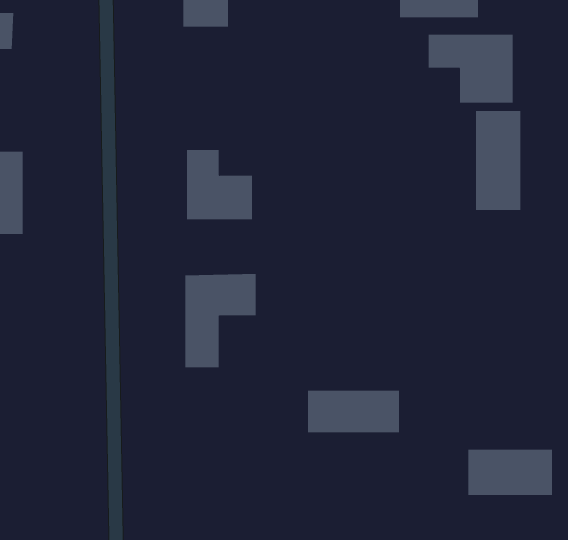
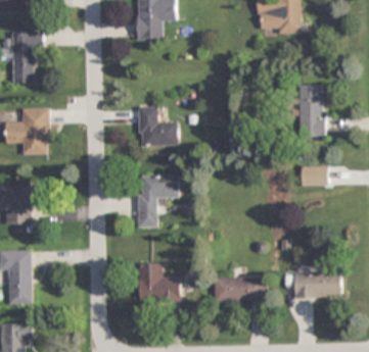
building: [428,34,513,103] -> none
building: none -> [301,166,326,186]
building: [307,390,400,433] -> [213,278,264,301]
building: none -> [138,262,179,302]

